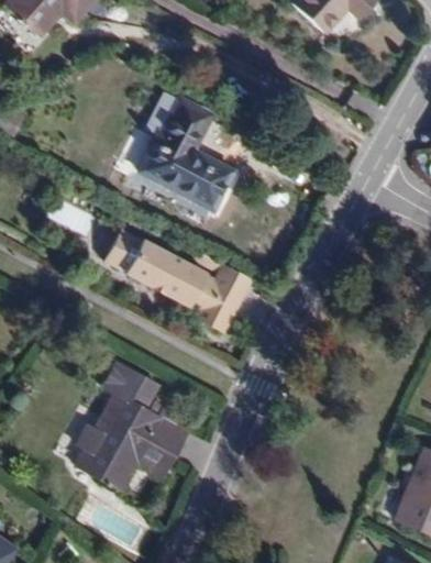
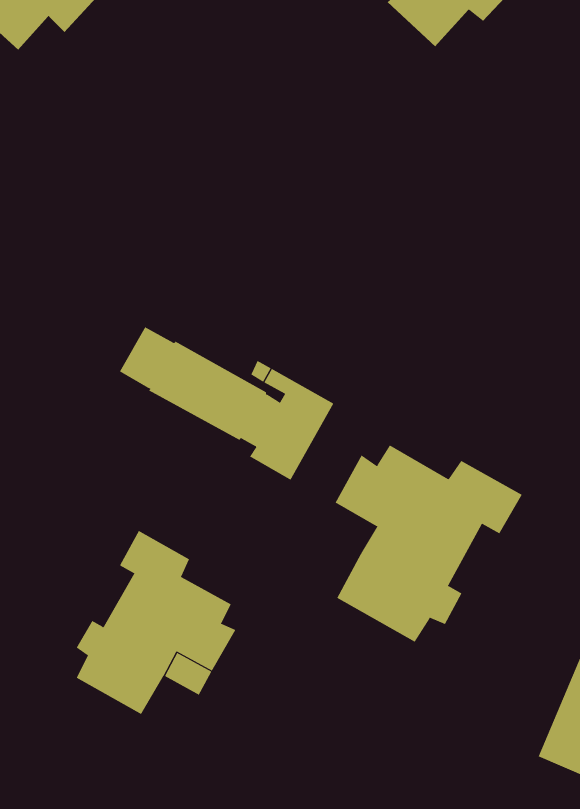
building: [139,93,235,214] -> none
building: none -> [335,445,522,643]

